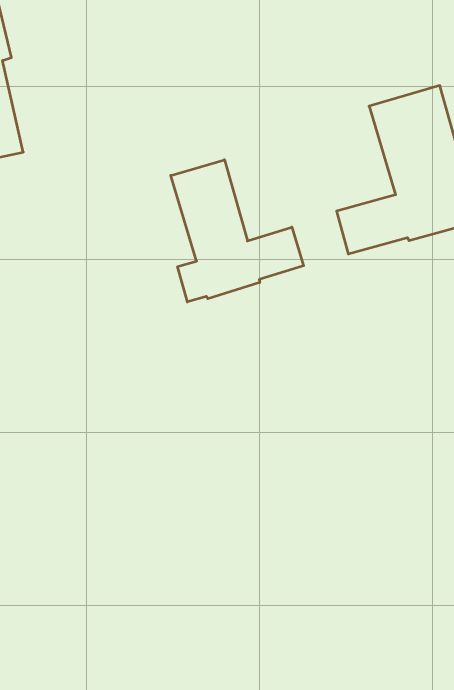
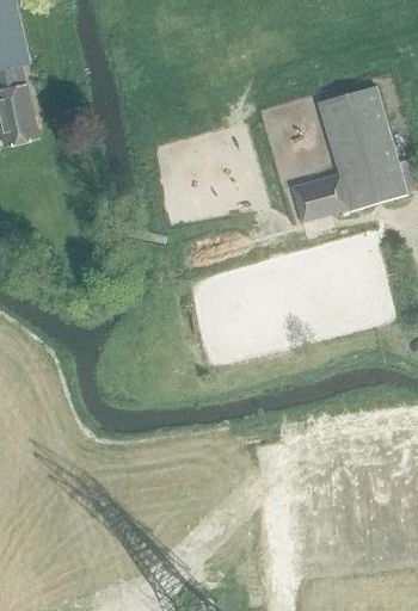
building: [171,160,304,302] -> none

